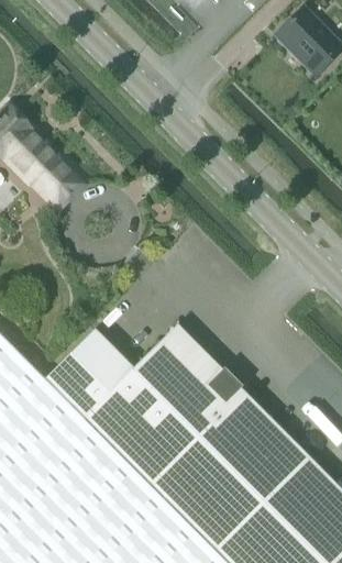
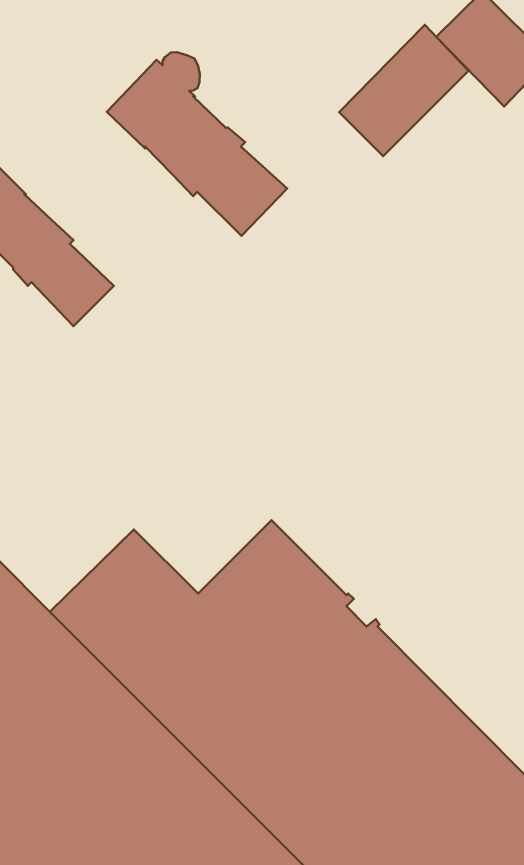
building: none -> [339,25,469,156]
building: none -> [107,52,287,236]

